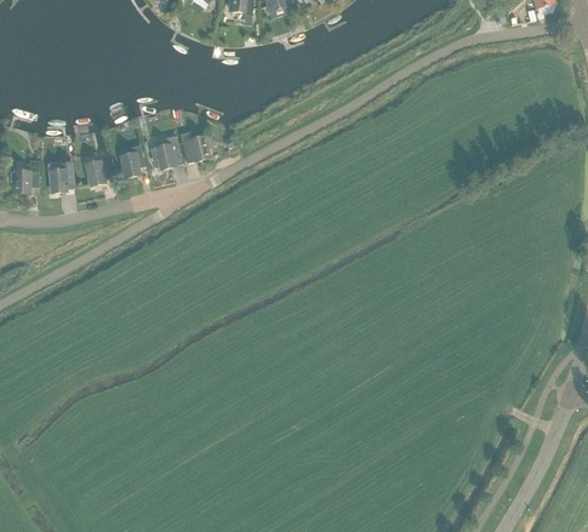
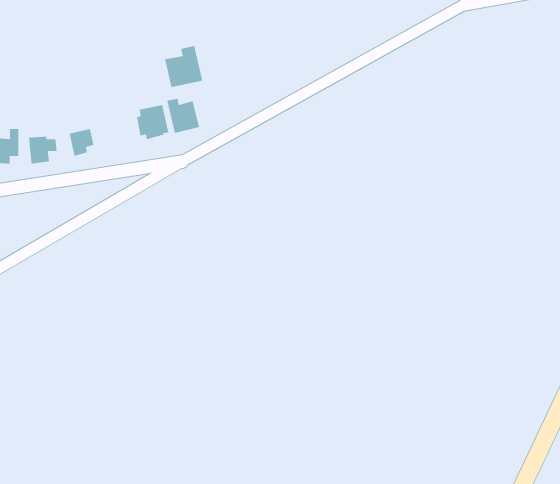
building: none -> [165,45,203,88]
building: [118,143,144,177] -> none

